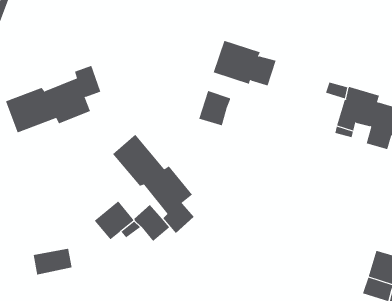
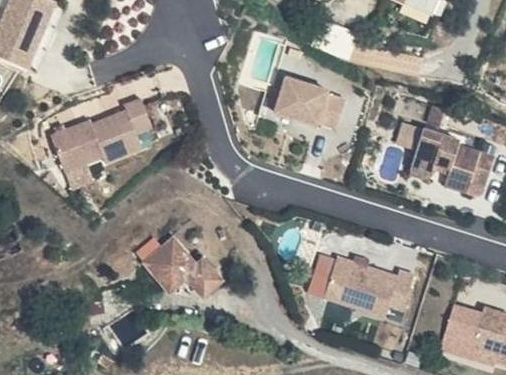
building: [199,90,231,126] -> none
building: [112,134,194,234] -> none
building: none -> [322,256,413,312]

